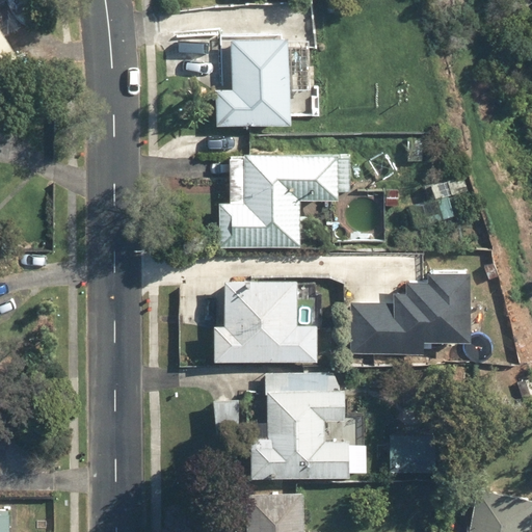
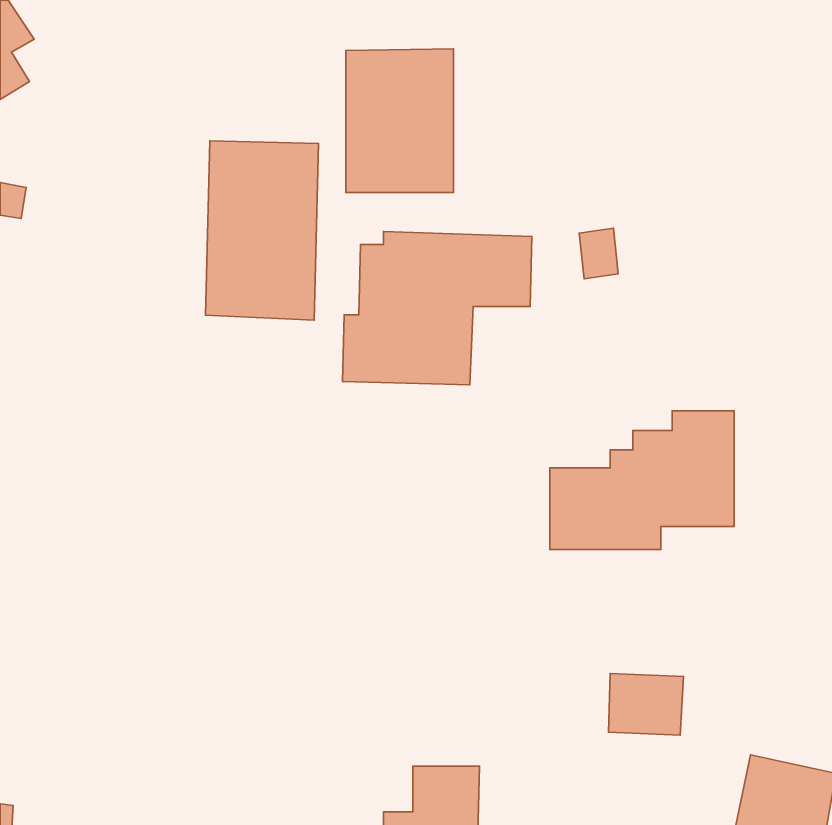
building: none -> [206,141,319,320]
building: [214,281,318,364] -> none
building: [251,374,349,479] -> none

